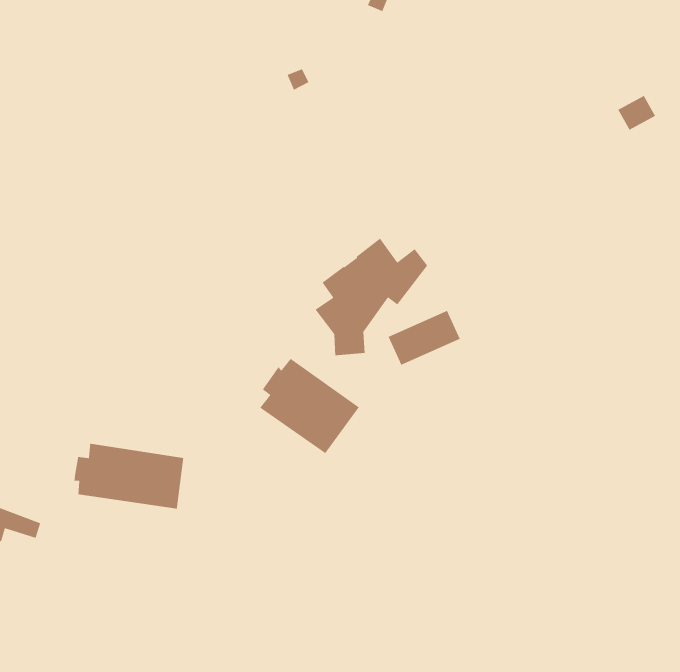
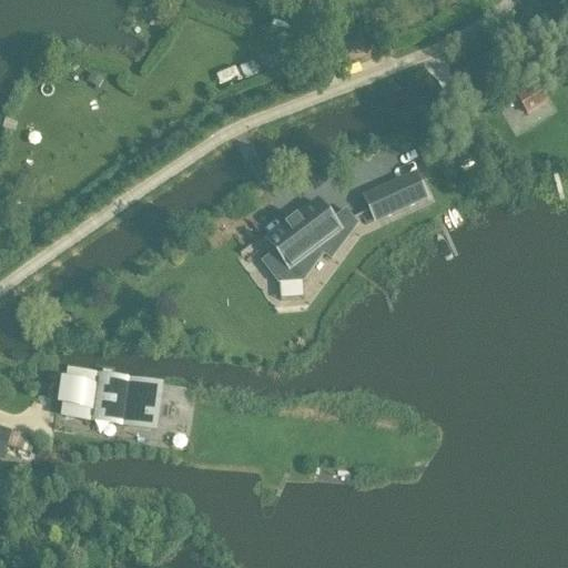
building: [388,310,461,366] -> [364,170,425,216]
building: [259,358,360,454] -> none

